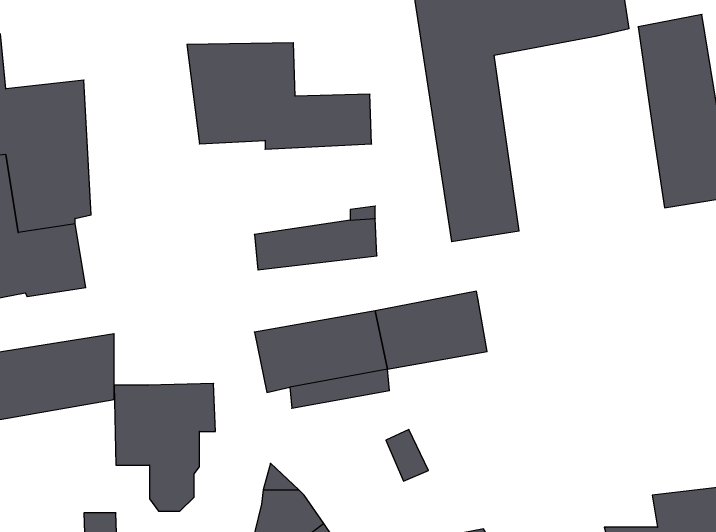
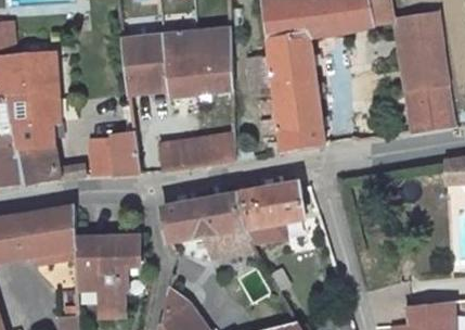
building: none -> [185,29,232,62]
building: none -> [86,127,139,177]

